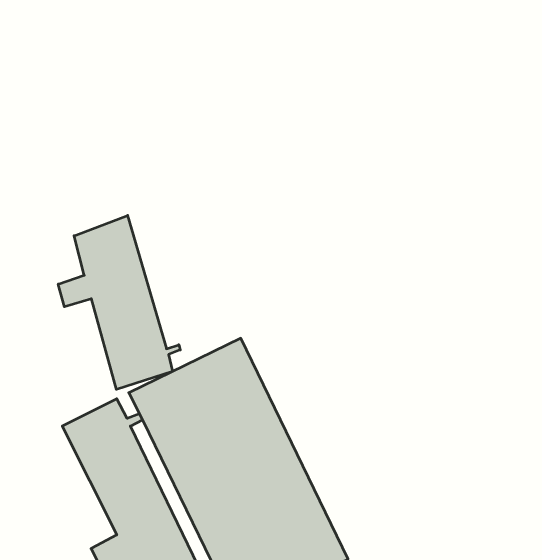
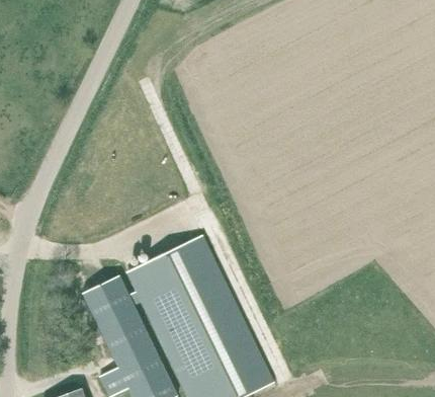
building: [58,215,180,389] -> none

